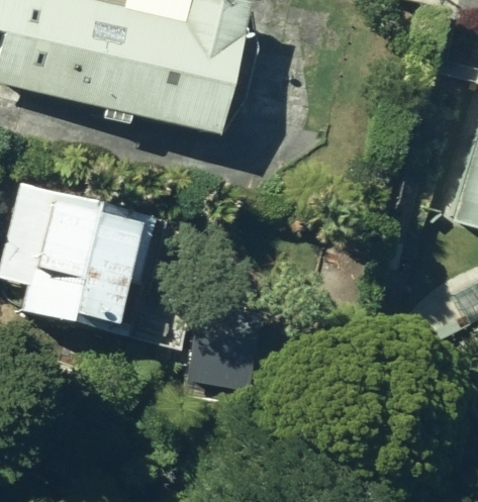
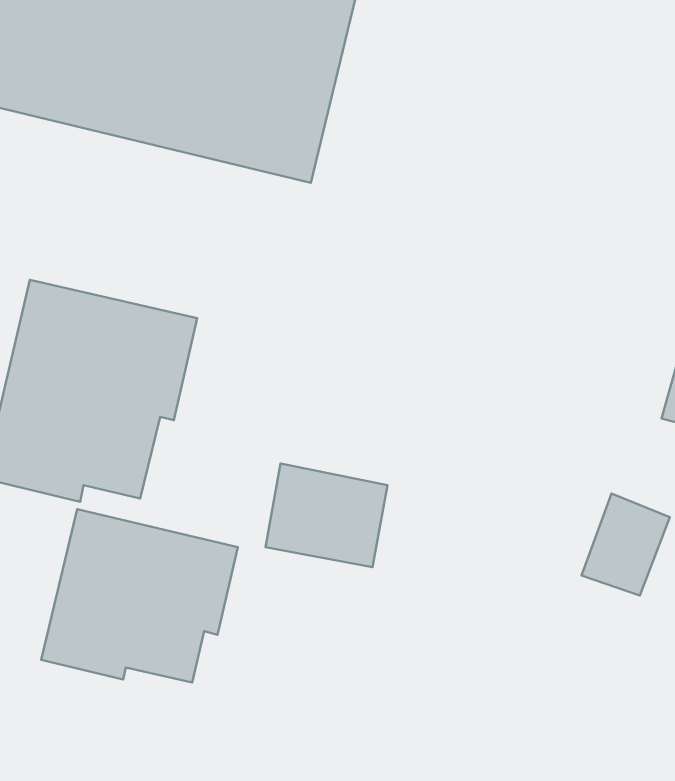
building: none -> [41,509,238,682]

